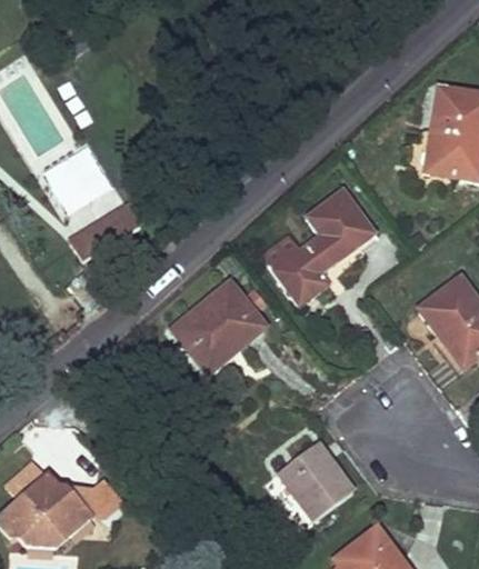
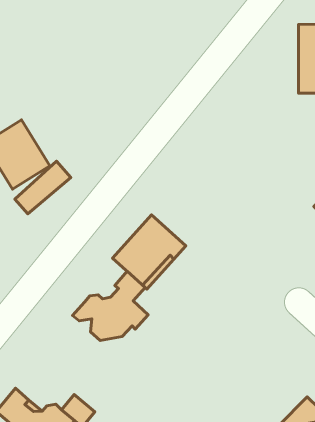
building: [275,190,372,302] -> none
building: none -> [72,271,148,340]
building: [279,443,349,518] -> none

